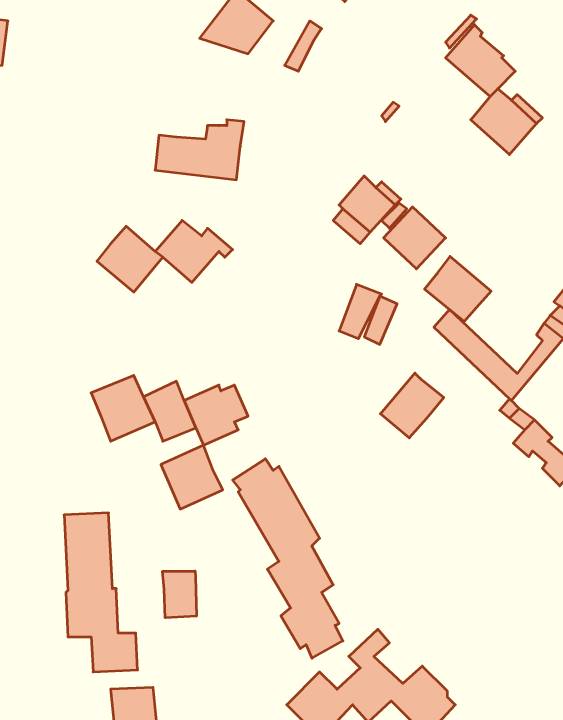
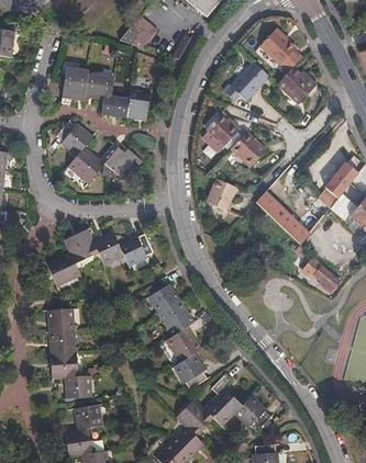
building: none -> [225,63,269,102]
building: none -> [60,67,112,101]
building: none -> [54,117,90,155]
building: [425,256,491,322] -> none
building: [380,373,444,438] -> none
building: [161,445,223,509] -> [44,252,79,289]
building: [163,571,196,618] -> none

